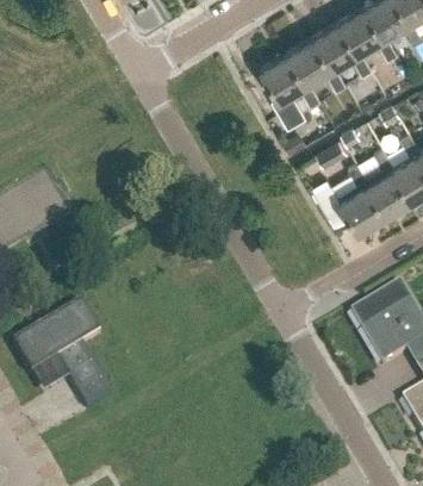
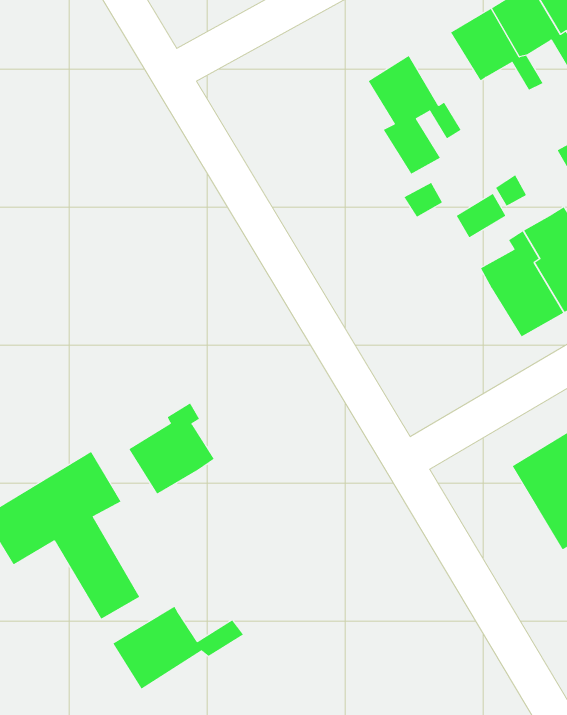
building: [288,37,348,89] -> none
building: none -> [128,403,215,494]
building: none -> [112,606,244,689]

